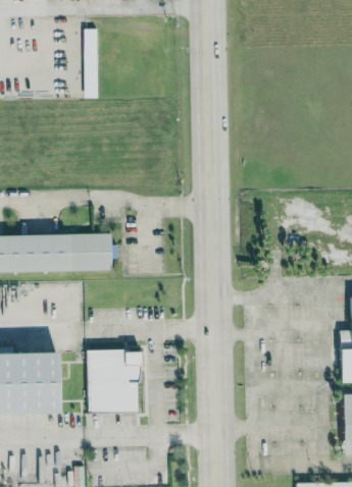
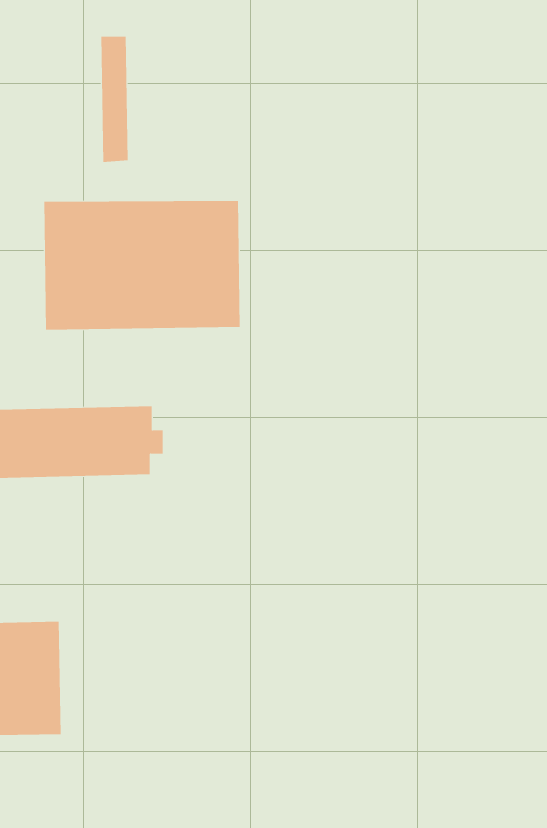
building: none -> [44,200,240,331]
building: [88,349,139,415] -> none

